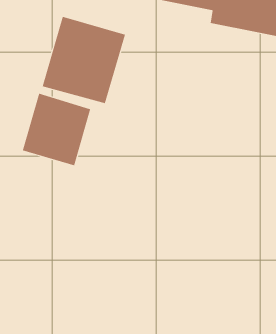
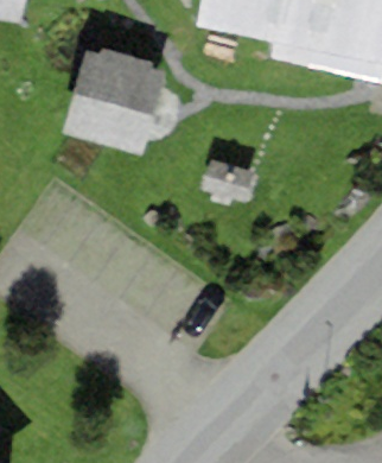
building: [22,93,91,166] -> none

